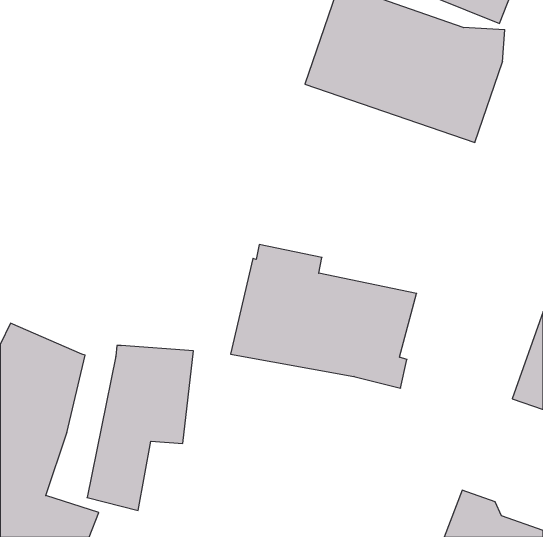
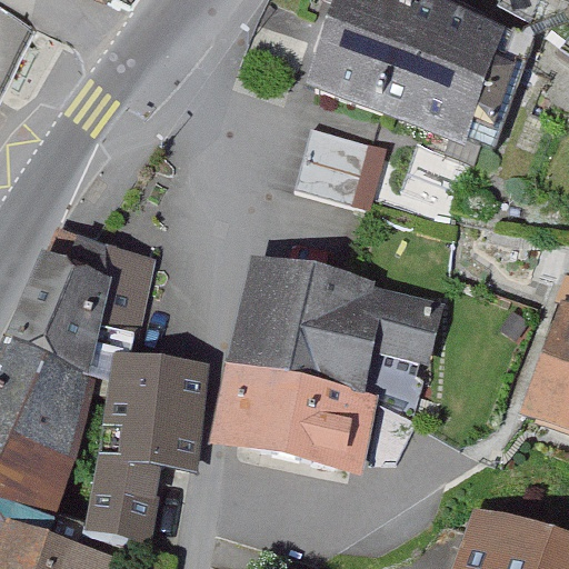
building: none -> [295,128,373,206]
building: none -> [11,243,150,372]
building: none -> [229,370,370,458]

